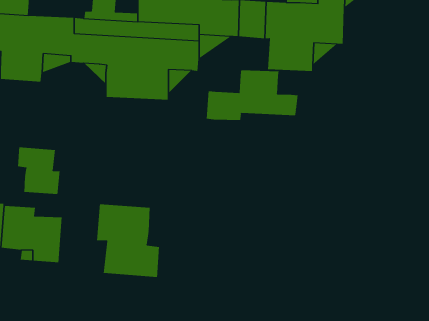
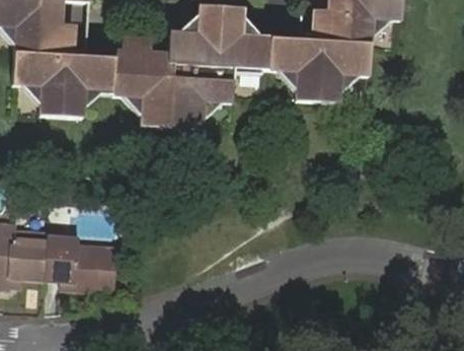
building: [206,70,298,121] -> none
building: [17,146,60,195] -> none
building: [97,203,160,278] -> none

